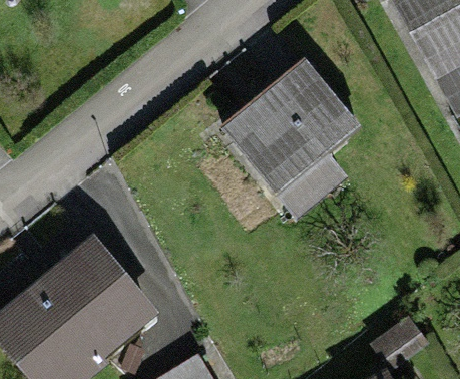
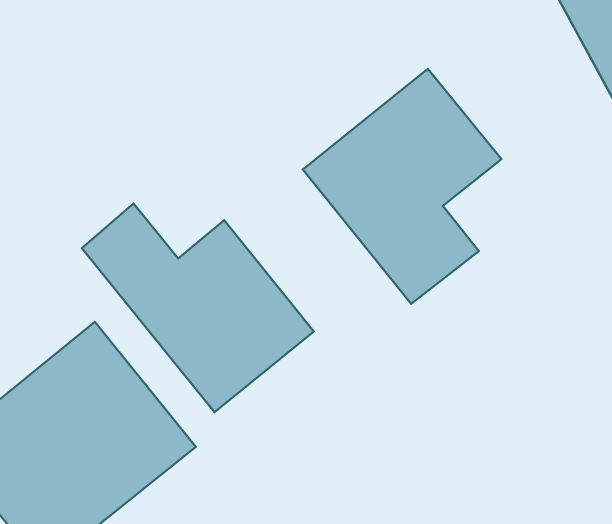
building: none -> [82,203,314,412]

